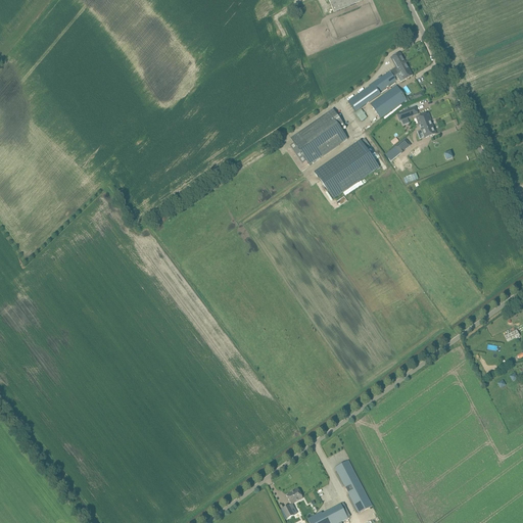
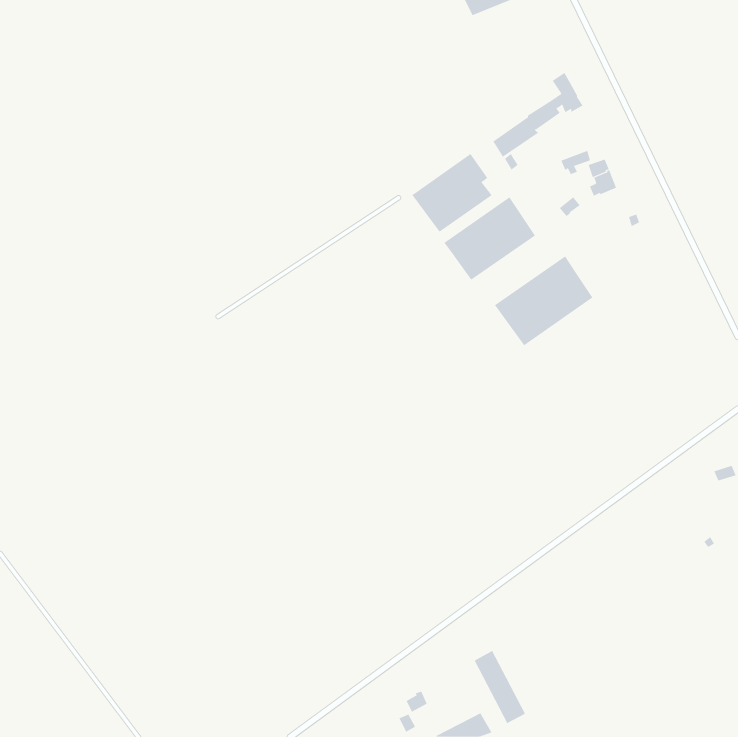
building: [370,85,407,117] -> none
building: none -> [494,255,593,346]

